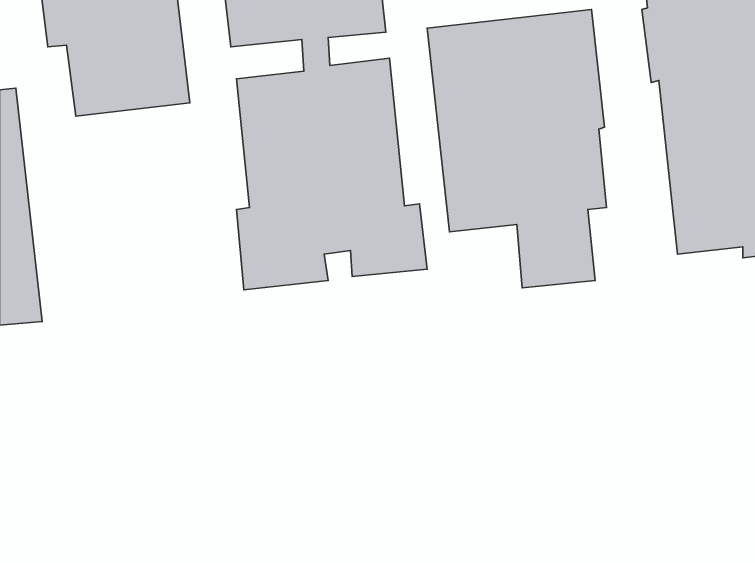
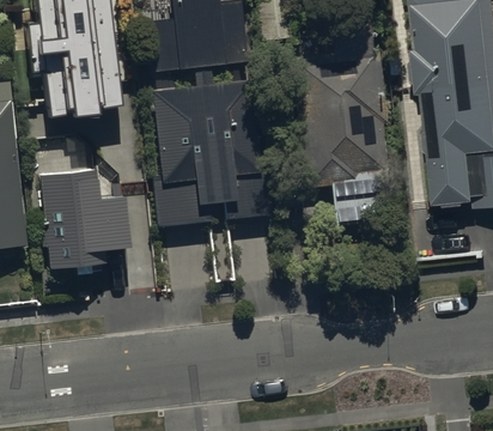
building: none -> [39,171,128,271]

